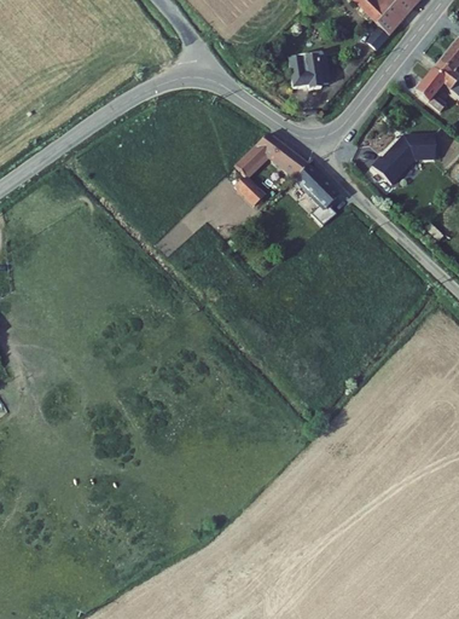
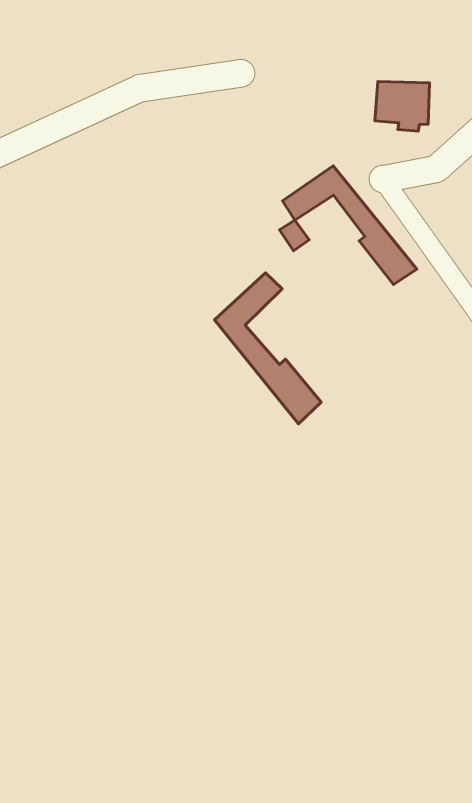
building: none -> [215,273,321,424]

